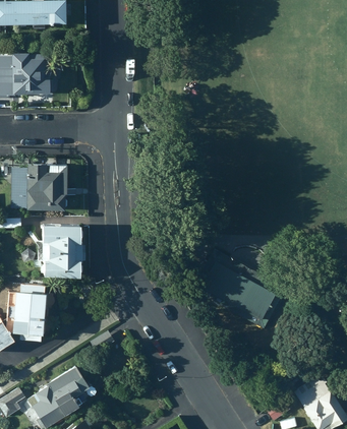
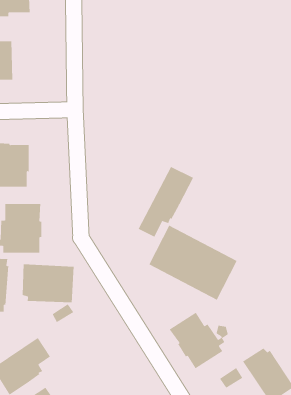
building: none -> [138,166,194,238]
building: none -> [22,263,74,303]
building: none -> [169,312,228,369]

